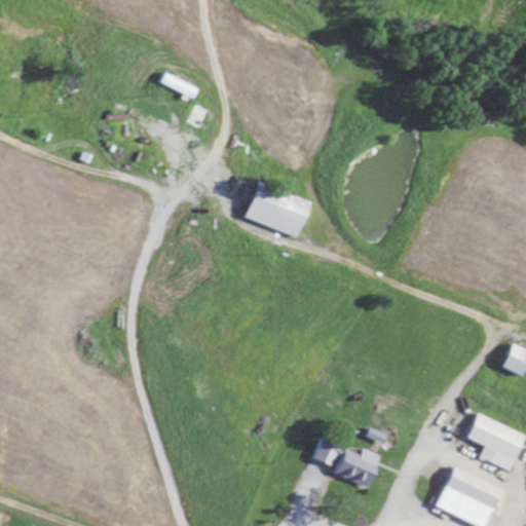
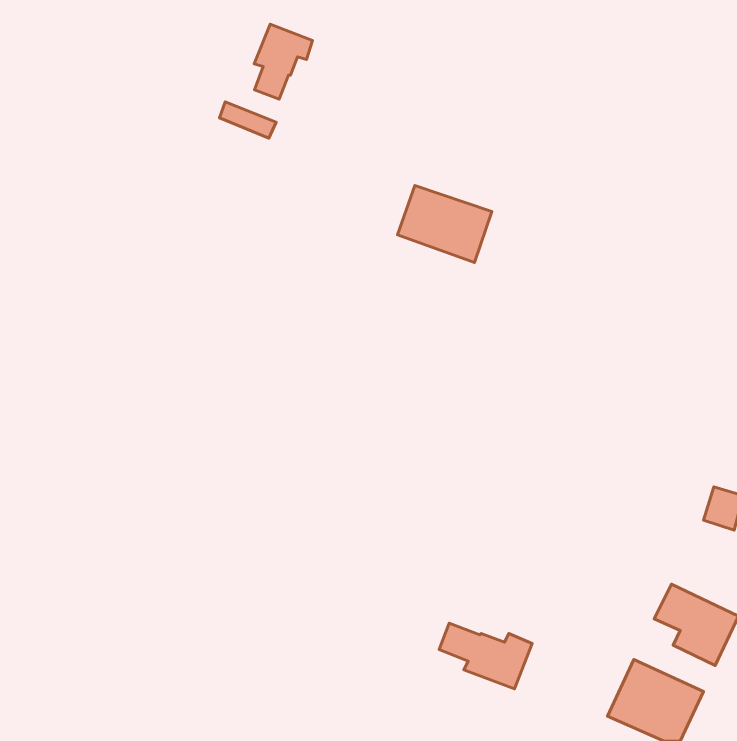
building: none -> [254,24,313,99]
building: [243,183,310,237] -> [397,185,492,262]

